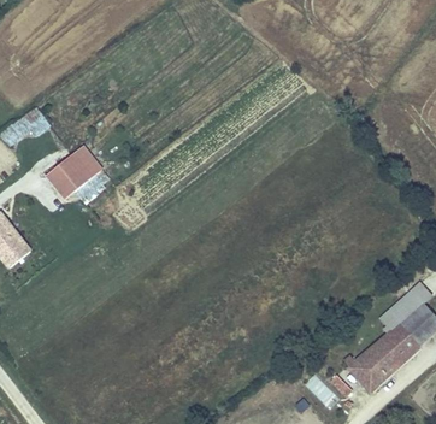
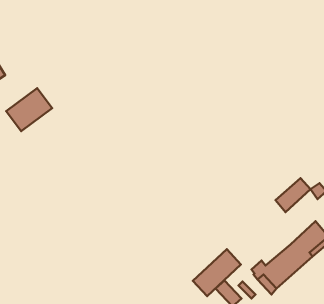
building: [381,290,423,331] -> [276,178,311,212]
building: none -> [193,249,241,296]

